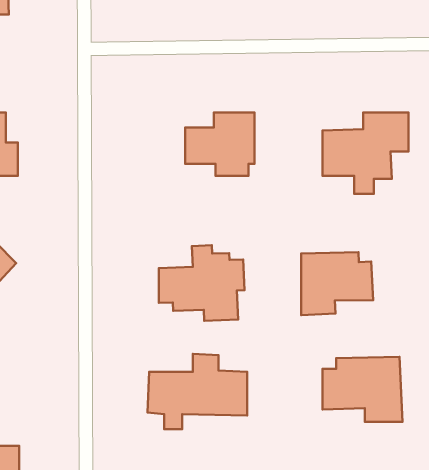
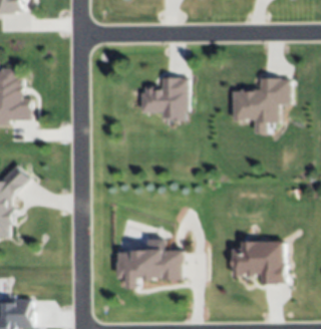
building: [159,245,245,321] -> none
building: [301,252,373,315] -> none

